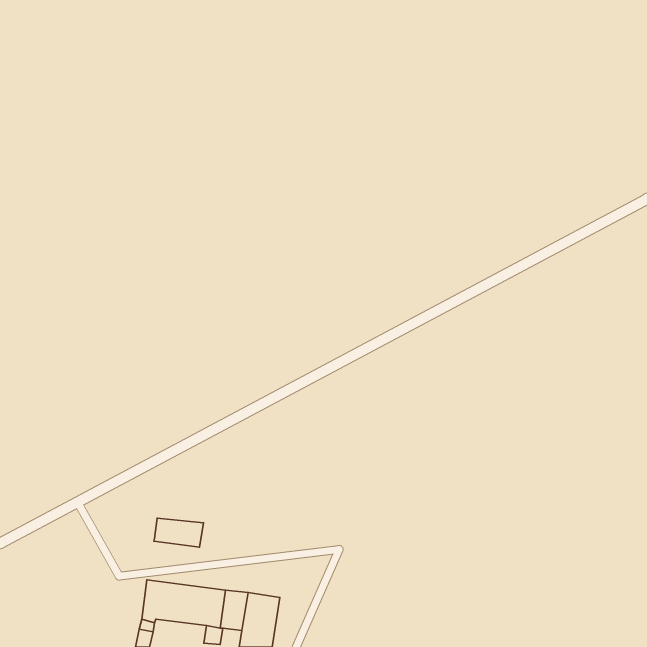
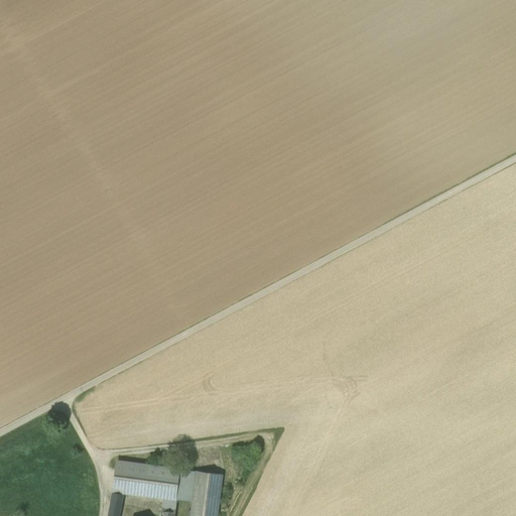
building: [154,518,203,547] -> none

